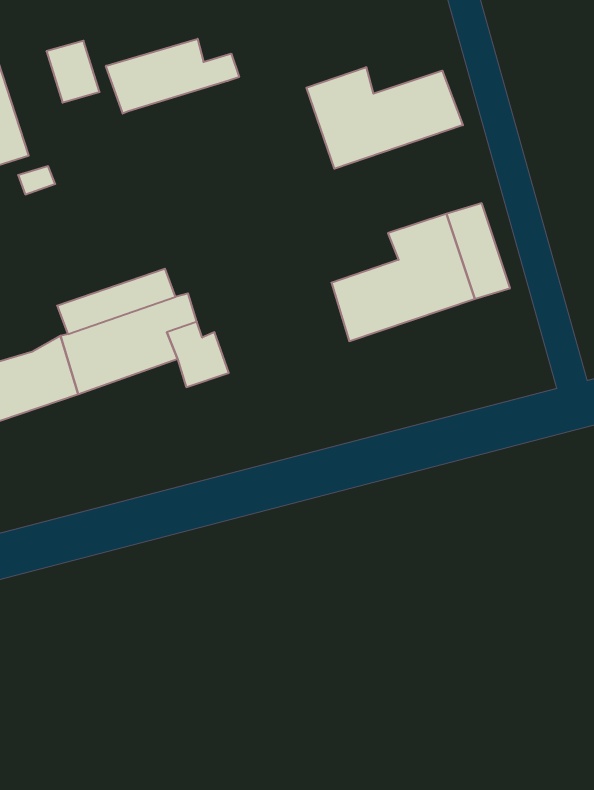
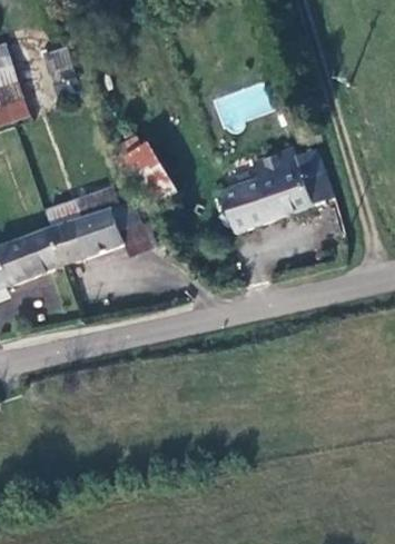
building: [106,39,239,114] -> none
building: [306,67,463,169] -> none
building: none -> [120,142,170,201]

